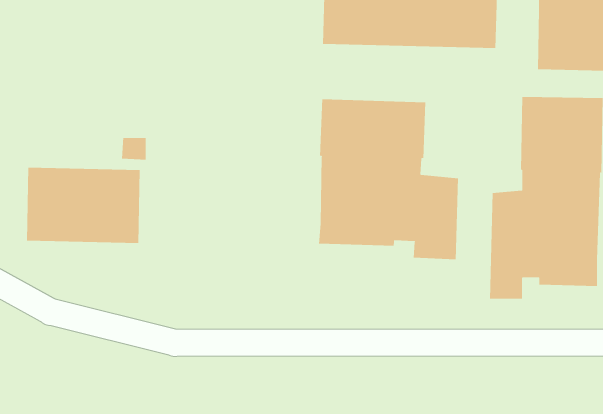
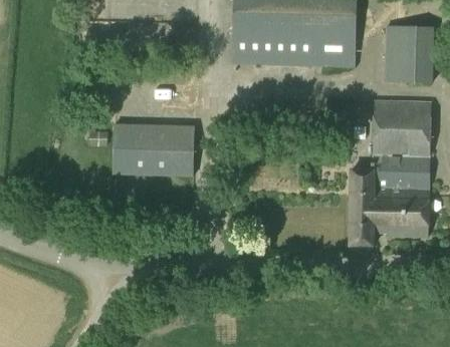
building: [319,99,458,260] -> none
building: [26,167,141,244] -> [113,123,194,178]

